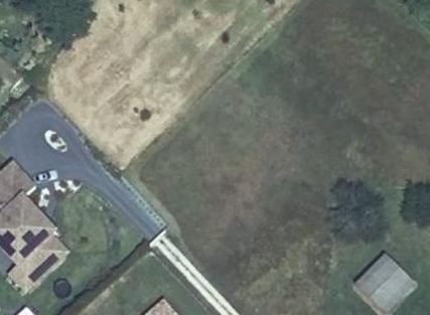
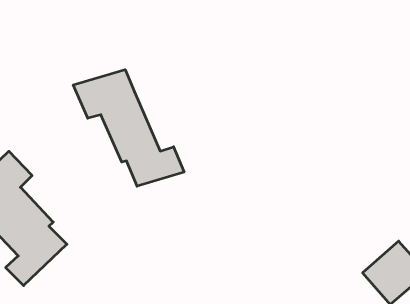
building: none -> [73,70,184,186]

